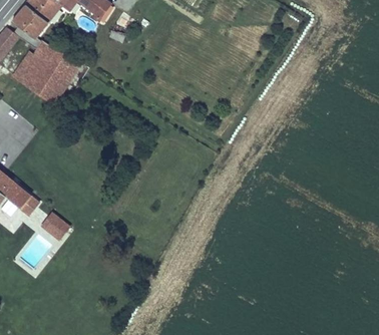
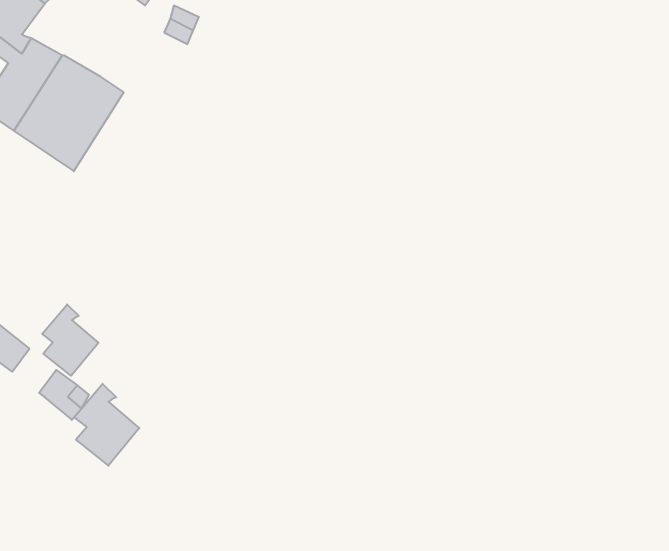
building: none -> [42,304,98,376]
building: none -> [74,384,139,466]

